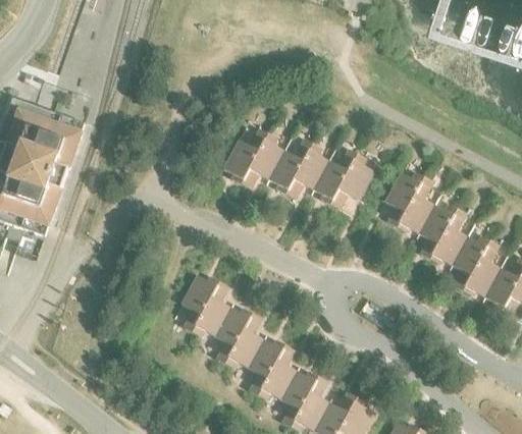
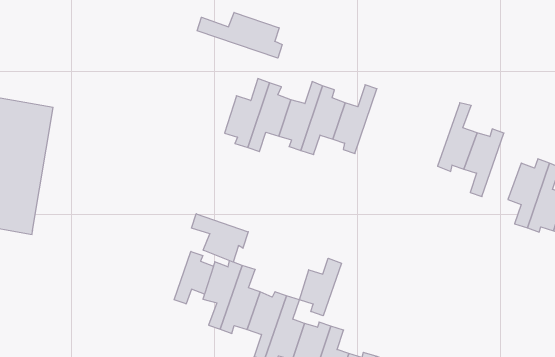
building: none -> [197,12,282,58]
building: [330,153,375,209] -> none
building: [385,171,425,226] -> none
building: [430,208,468,264] -> none
building: none -> [191,214,248,262]
building: none -> [174,251,213,304]
building: none -> [299,258,341,316]

